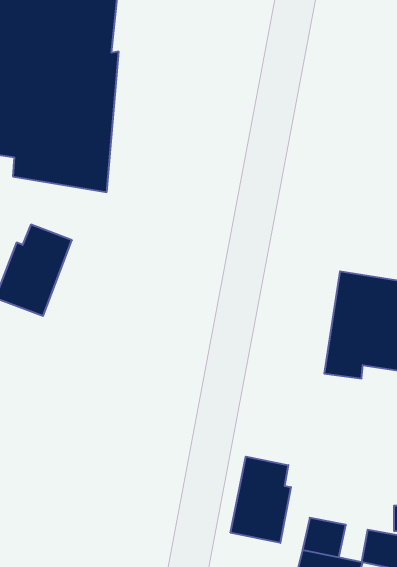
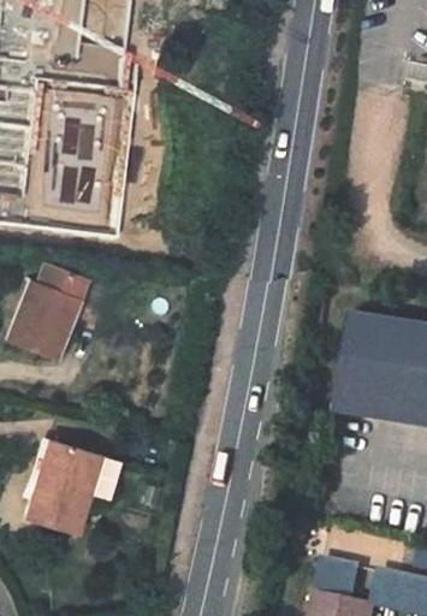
building: none -> [23,440,114,532]
building: [231,457,291,543] -> none

